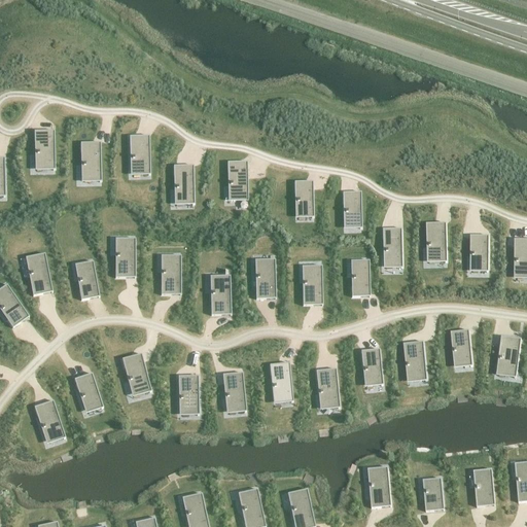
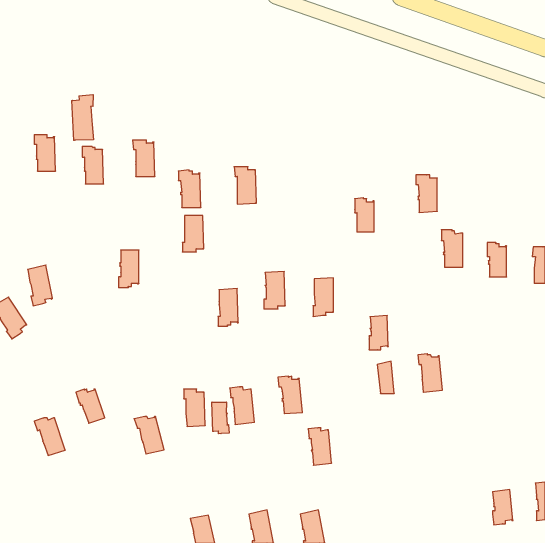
building: none -> [72,95,93,140]
building: [293,180,312,213] -> none
building: [381,227,401,264] -> [416,175,437,212]
building: [160,258,180,293] -> [182,216,204,252]
building: [350,262,368,295] -> [369,316,388,350]
building: [76,264,98,298] -> none
building: [450,329,471,362] -> none
building: [498,335,520,373] -> none
building: [120,355,149,391] -> [134,417,164,454]
building: [315,368,338,405] -> [308,428,332,465]
building: none -> [212,402,229,434]
building: [370,469,390,506] -> none
building: [424,481,443,511] -> none

